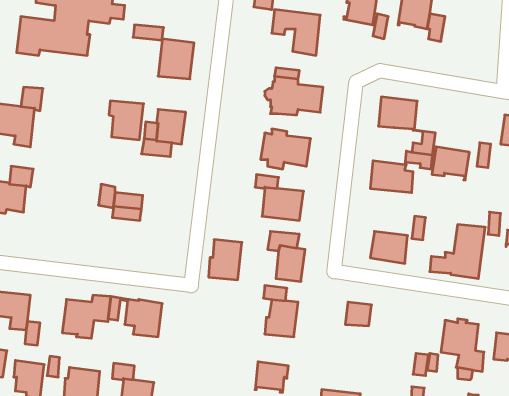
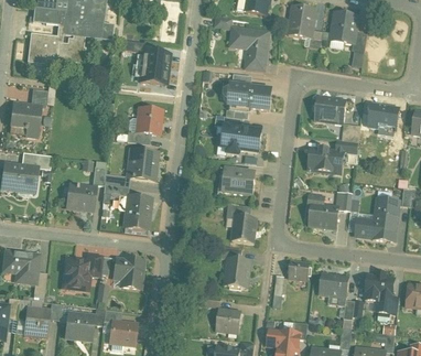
building: [109,101,144,140] -> [129,149,156,180]
building: [432,147,469,180] -> [367,105,397,131]
building: none -> [66,184,96,211]
building: [209,240,242,280] -> [125,195,151,227]
building: none -> [319,274,347,296]

